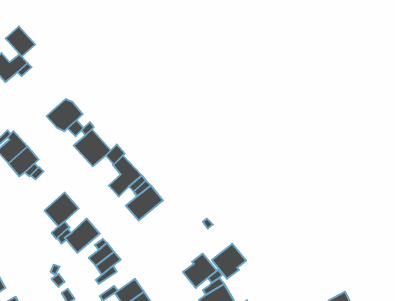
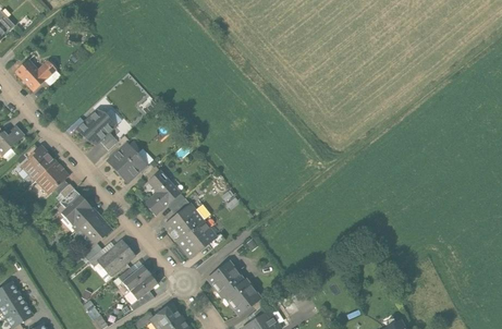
building: [6,26,35,57] -> none
building: none -> [60,194,96,230]
building: none -> [176,219,216,257]
building: [212,244,246,279] -> [207,259,244,297]

